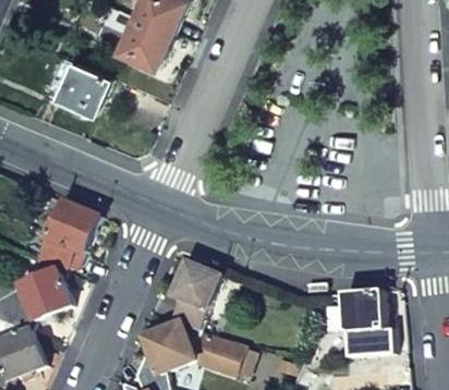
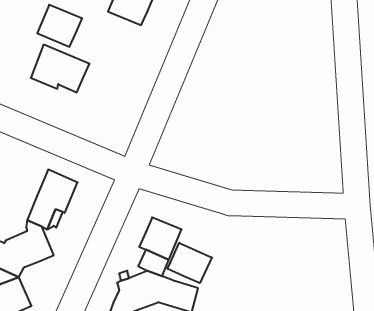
building: [118,17,171,68] -> [37,5,82,47]
building: none -> [168,243,212,283]
building: [342,292,391,346] -> none

